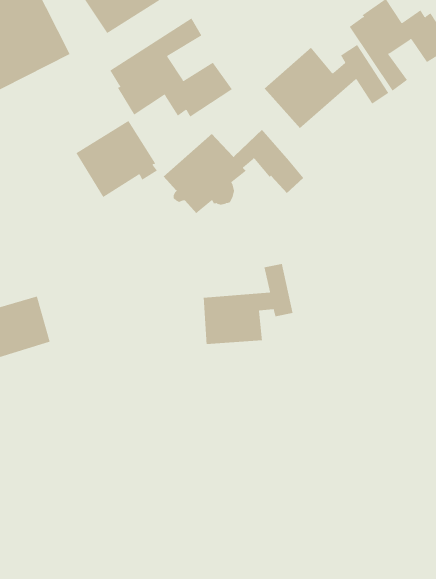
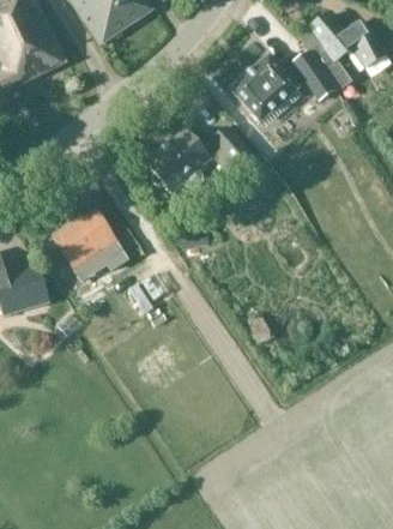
building: [110,17,242,117] -> none
building: [76,120,158,198] -> [52,205,120,270]
building: [203,263,293,345] -> none

